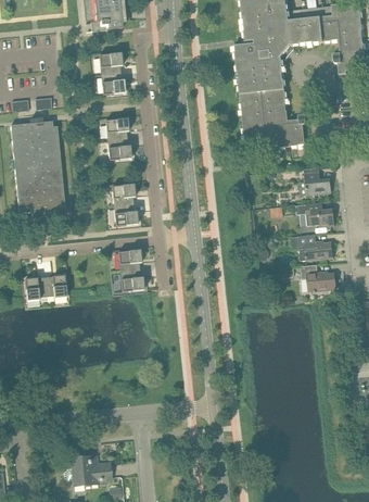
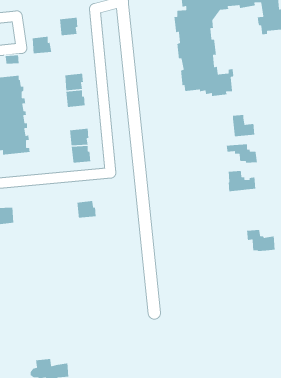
building: [101,73,125,95] -> [32,36,52,54]
building: [117,249,141,272] -> none
building: [301,264,335,291] -> [246,229,276,252]
building: [44,275,66,298] -> none

